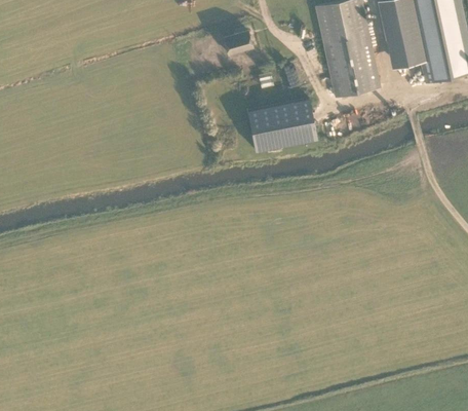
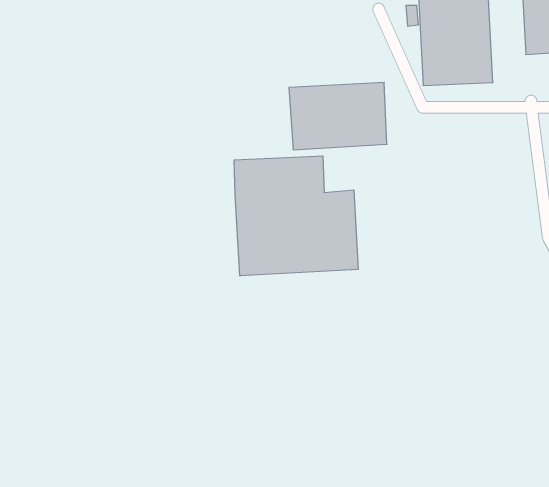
building: none -> [234,156,358,276]

